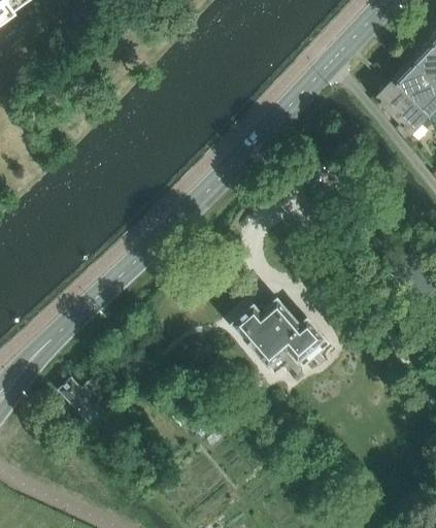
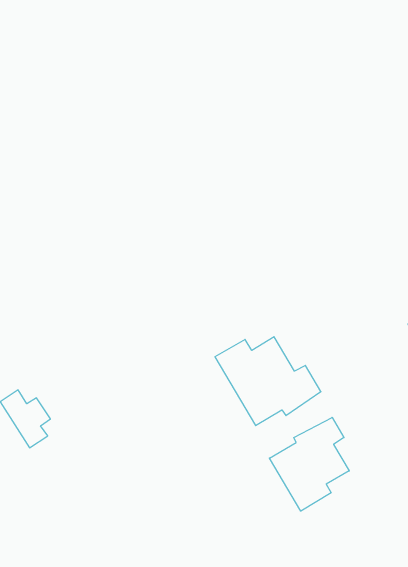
building: none -> [269,417,349,511]

